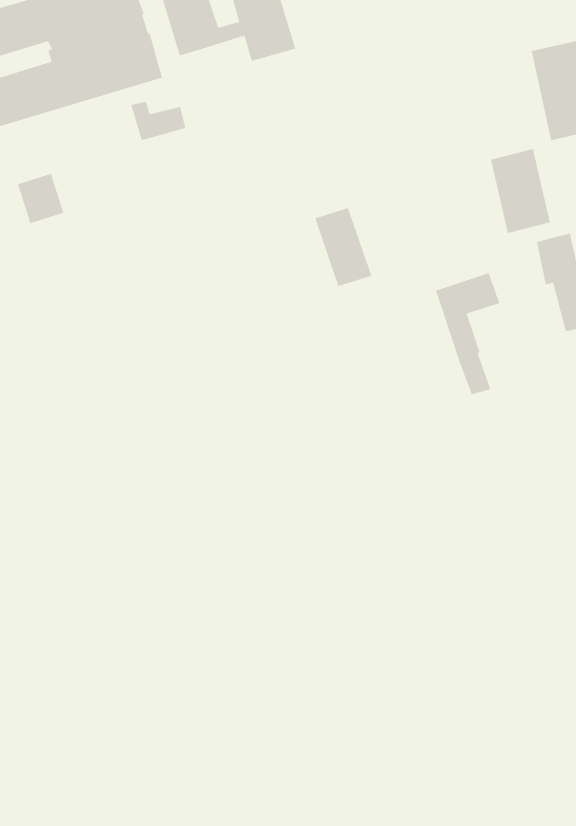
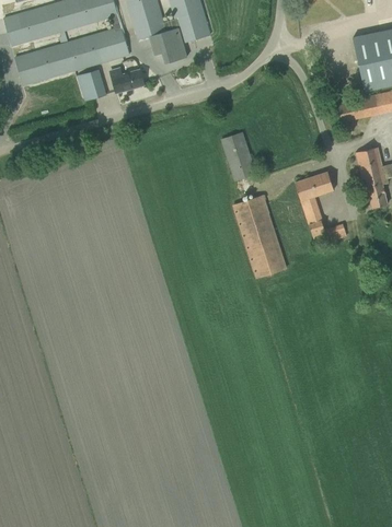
building: none -> [150,27,186,62]
building: [490,148,551,234] -> none
building: [17,173,64,224] -> [78,69,106,99]
building: none -> [233,195,286,277]

